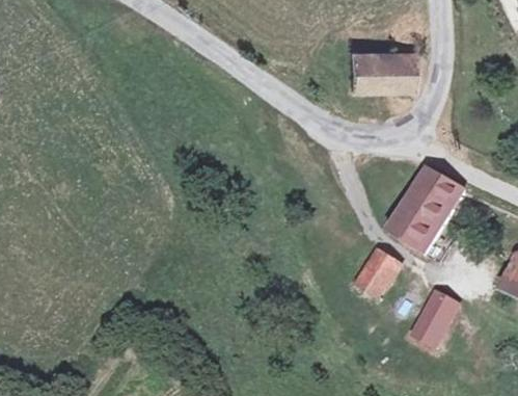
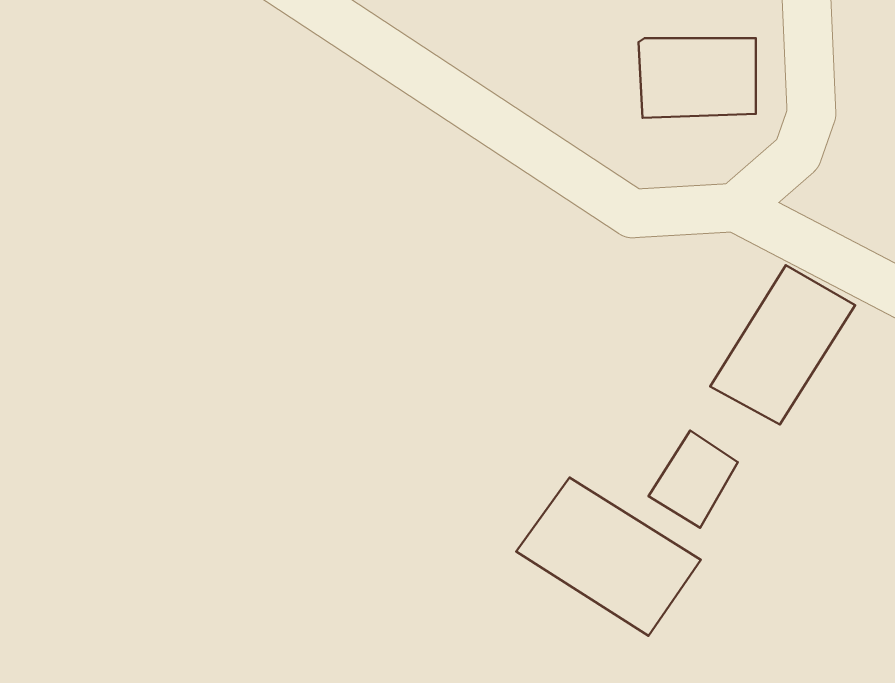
building: none -> [516,478,701,636]
building: [415,292,456,346] -> none

